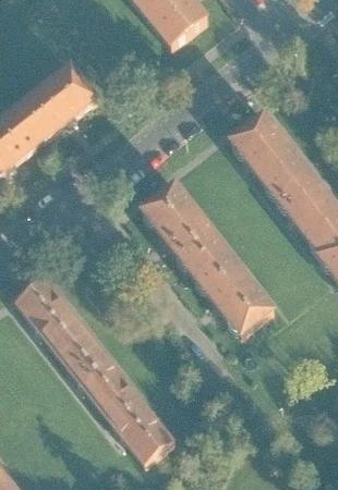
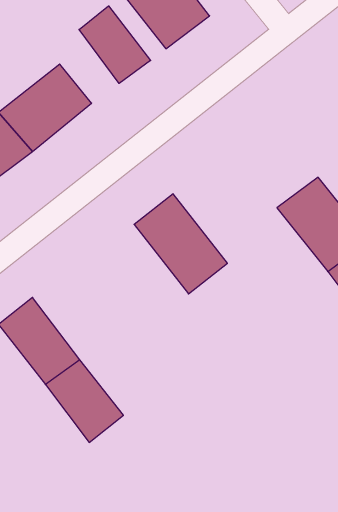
building: none -> [79,6,151,83]
building: [230,111,310,194] -> none
building: [190,245,279,340] -> none
building: [98,385,176,467] -> none

